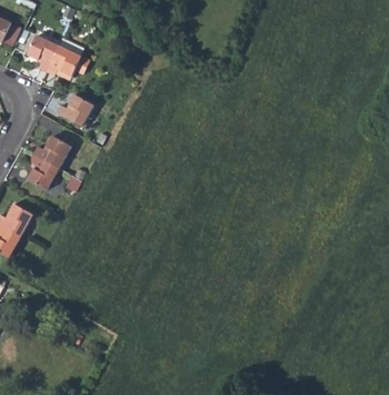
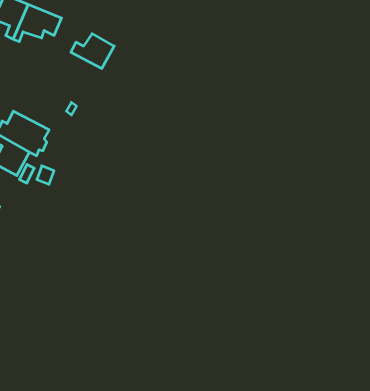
building: [54,92,93,124] -> [71,34,114,68]

